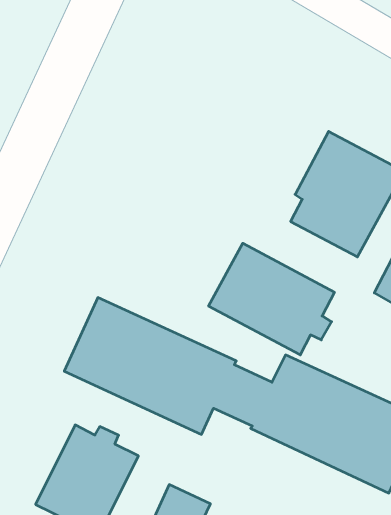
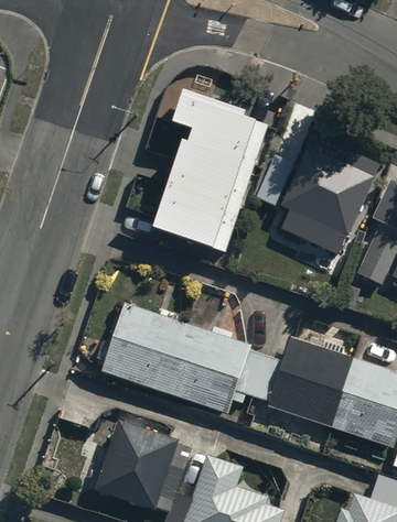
building: none -> [155,91,269,252]
building: [209,243,334,355] -> none

